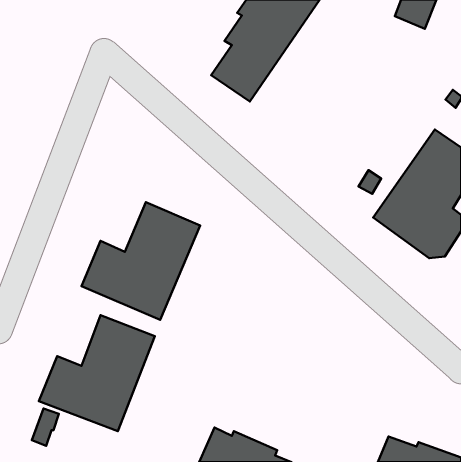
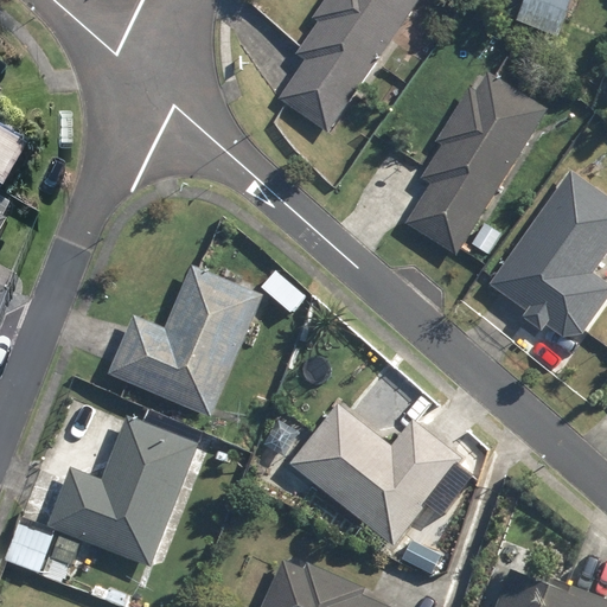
building: none -> [405,71,548,254]
building: none -> [288,404,461,547]

